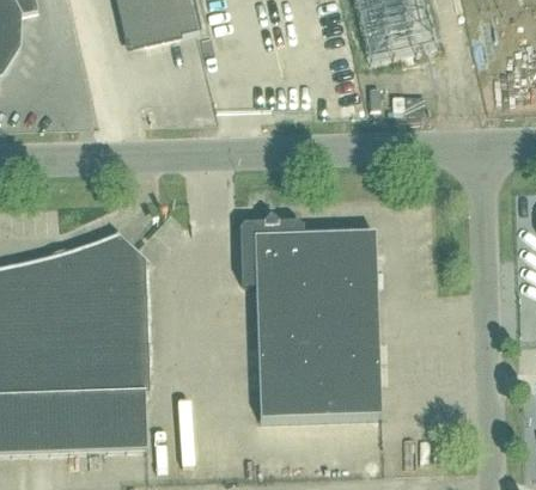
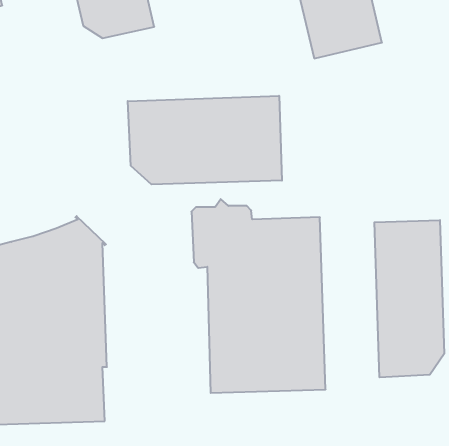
building: none -> [128,96,282,184]
building: none -> [374,220,444,377]

